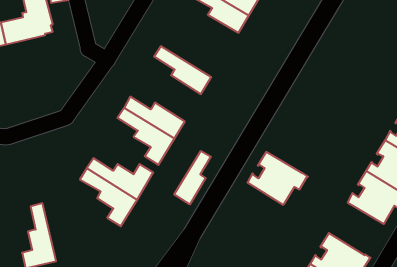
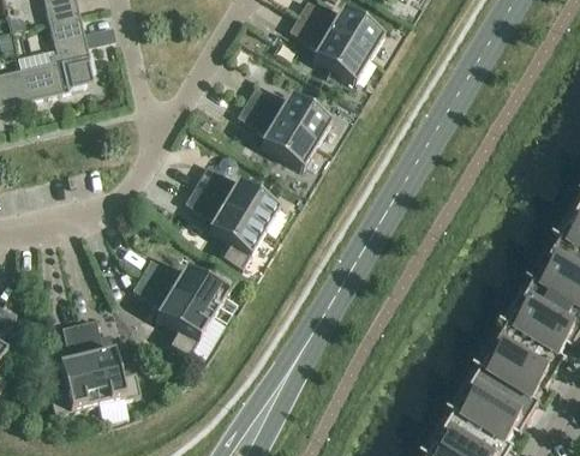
building: none -> [245,84,331,143]
building: [174,151,211,204] -> none
building: [247,152,308,205] -> [482,319,567,394]
building: none -> [78,317,139,402]

